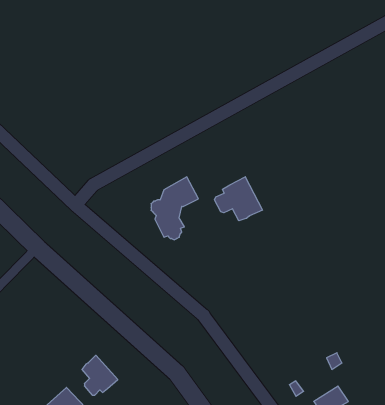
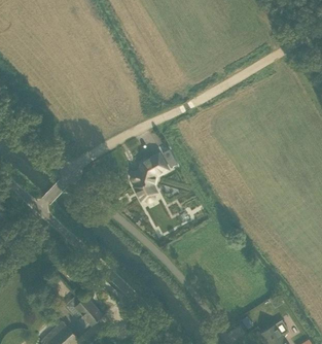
building: [215,177,262,221] -> none

